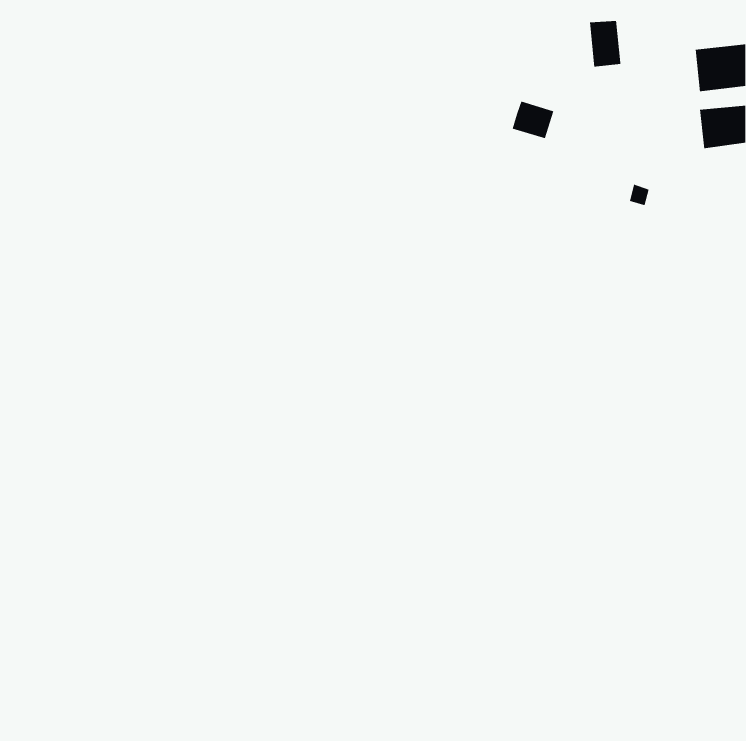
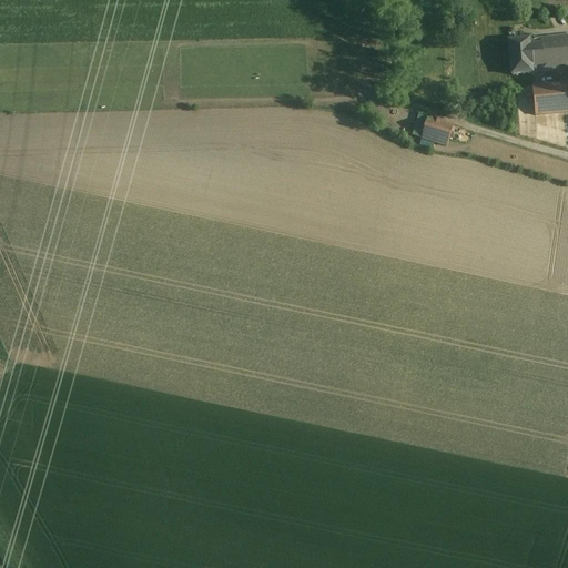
building: [589,21,621,67] -> [507,38,531,73]
building: [512,101,554,139] -> [422,115,454,144]

